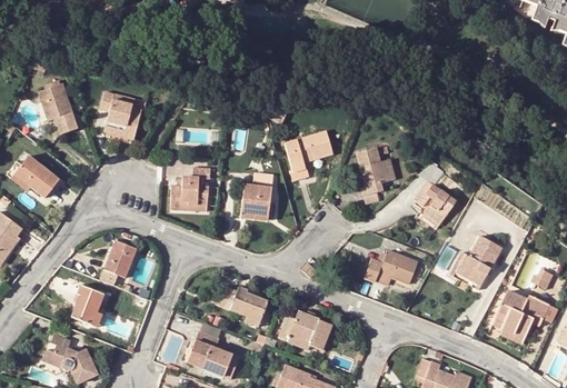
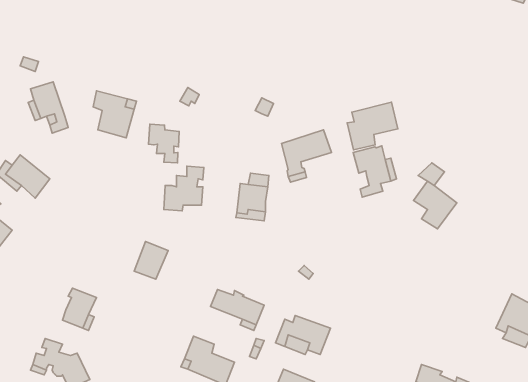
building: none -> [347,102,398,150]
building: none -> [148,124,179,163]
building: [450,236,501,289] -> none
building: [105,240,138,277] -> [134,241,168,279]
building: [364,250,418,282] -> none

